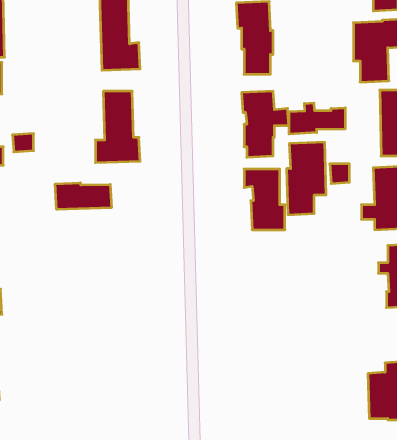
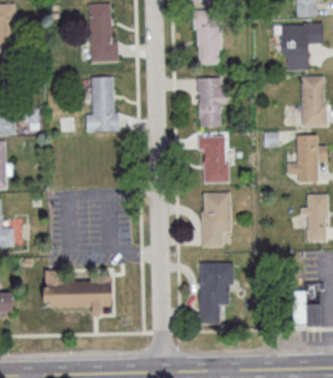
building: [289,103,345,134] -> none
building: [287,142,326,215] -> [201,193,231,248]
building: [55,183,111,209] -> none
building: none -> [199,264,233,324]
building: none -> [43,269,111,317]

